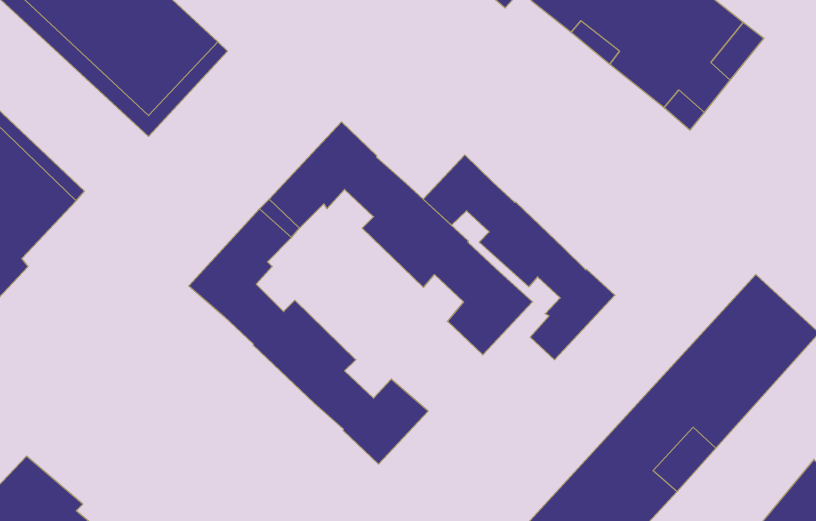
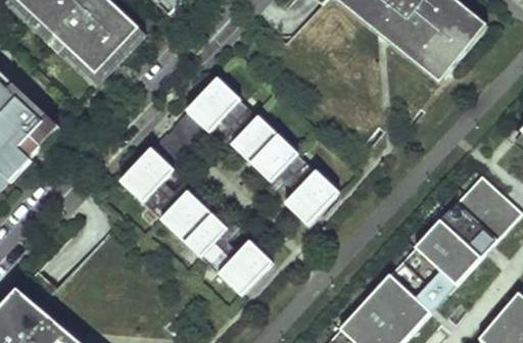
building: [423,155,615,360] -> none

